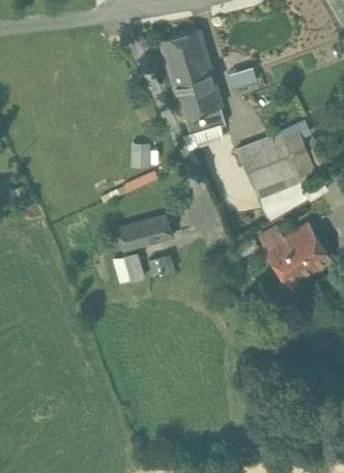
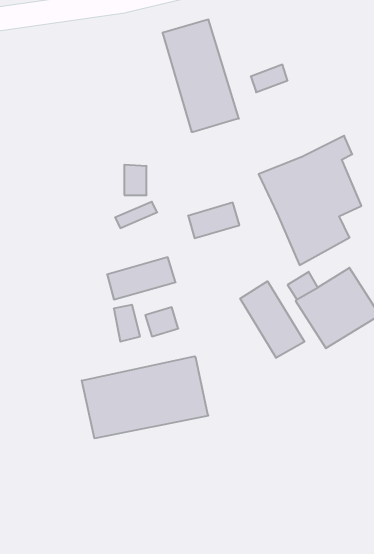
building: [184,108,225,136] -> [188,203,239,238]
building: none -> [240,281,304,358]
building: none -> [82,356,208,438]

